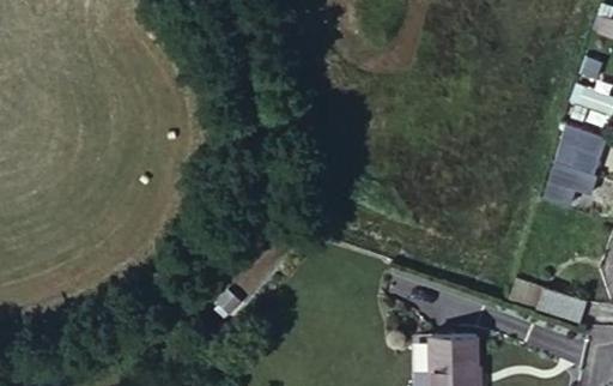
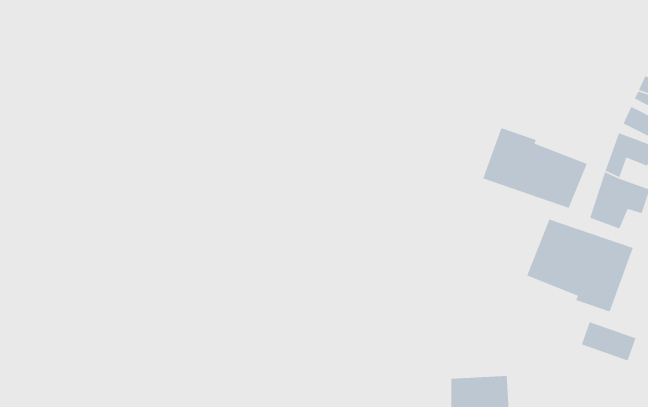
building: none -> [482,127,588,209]
building: none -> [526,218,634,312]

